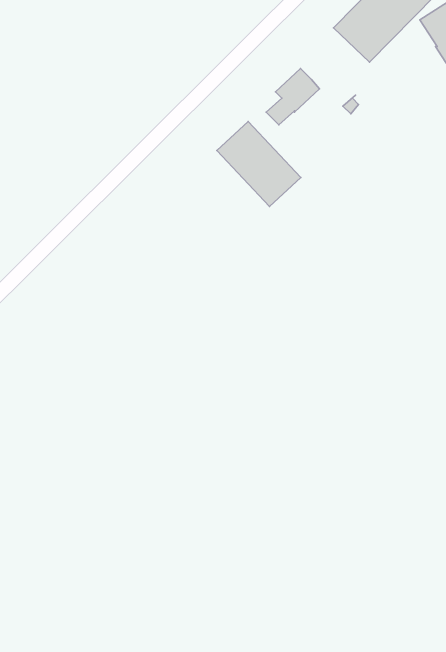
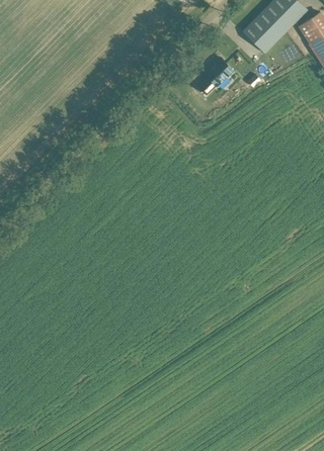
building: [217,121,301,207] -> none

